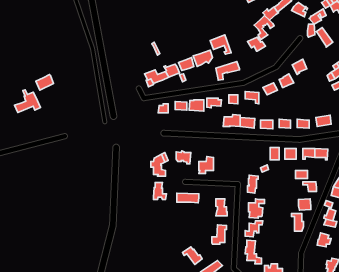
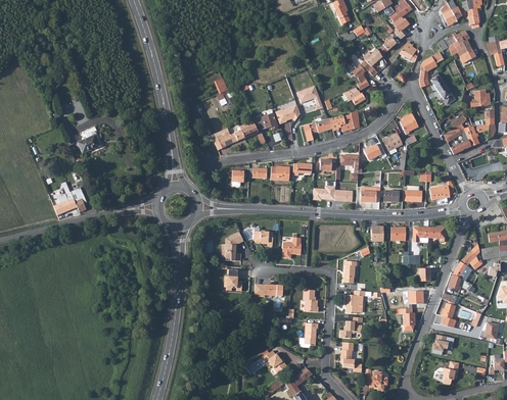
building: none -> [330,110,359,131]
building: [15,90,41,113] -> [53,186,86,214]

